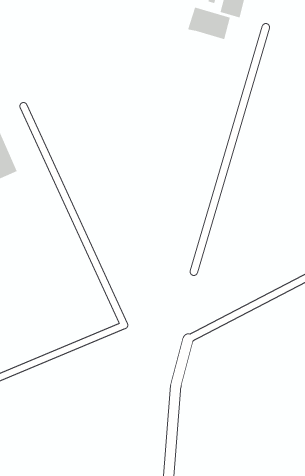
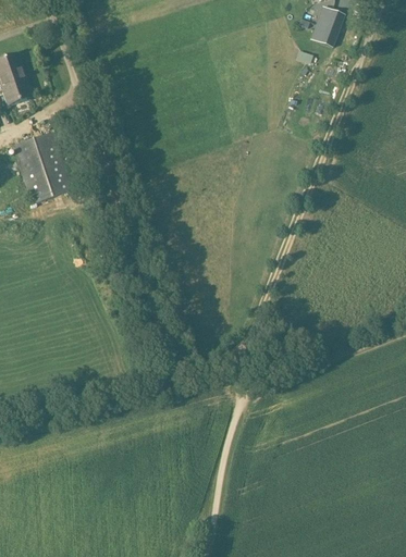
building: [187,7,231,40] -> none

